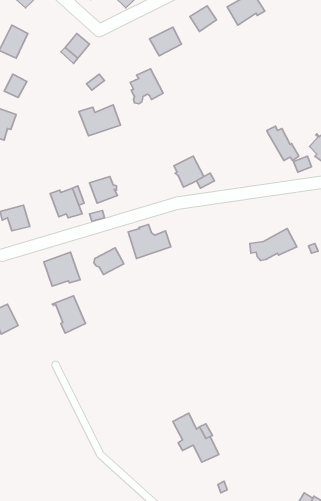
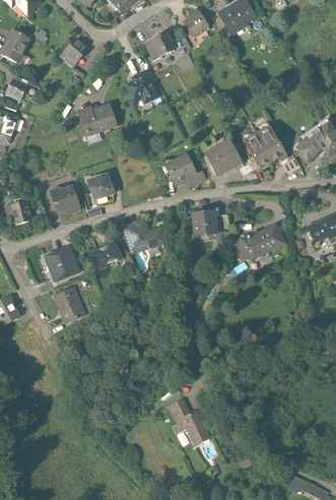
building: none -> [246,132,272,164]
building: none -> [205,139,239,174]
building: none -> [193,210,216,235]

